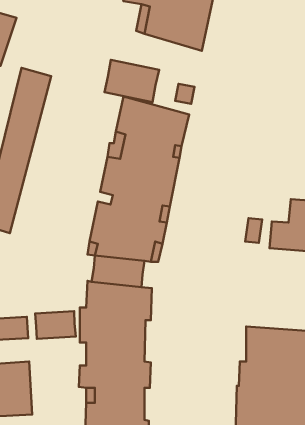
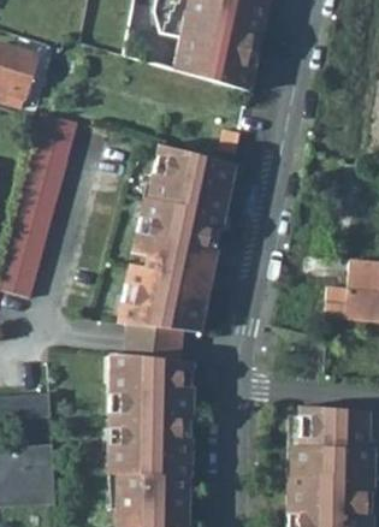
building: [104,60,159,102] -> none
building: [35,311,76,339] -> none

